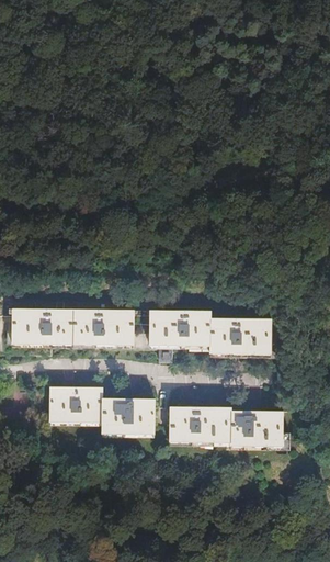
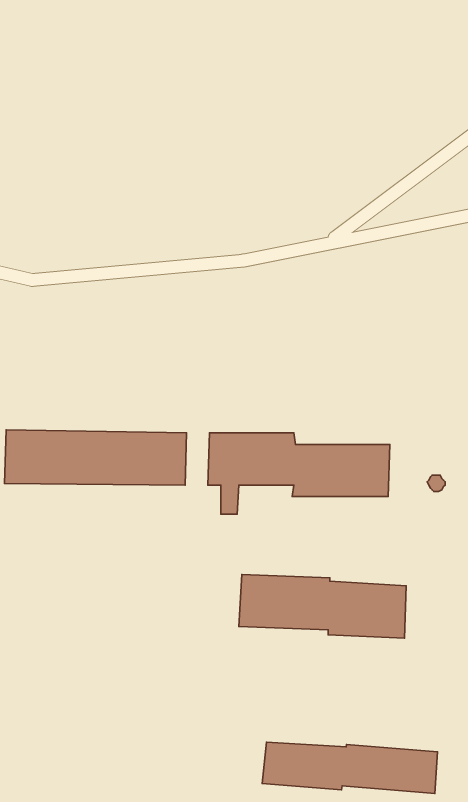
building: [49,385,156,435] -> none
building: none -> [262,742,438,794]

